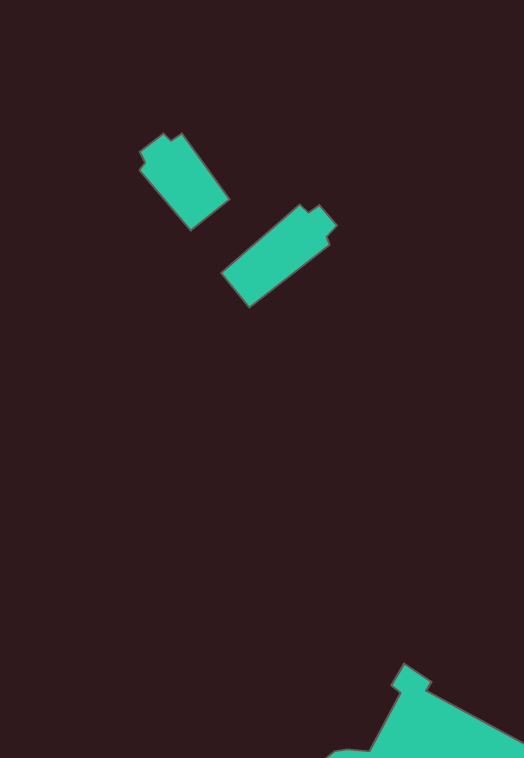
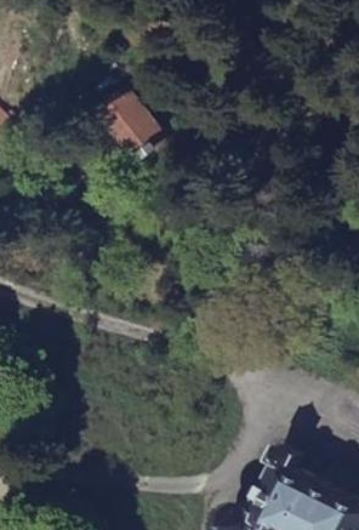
building: [221,205,337,308] -> none

